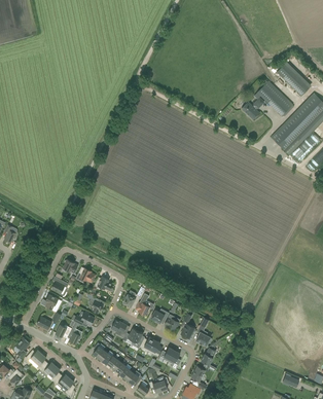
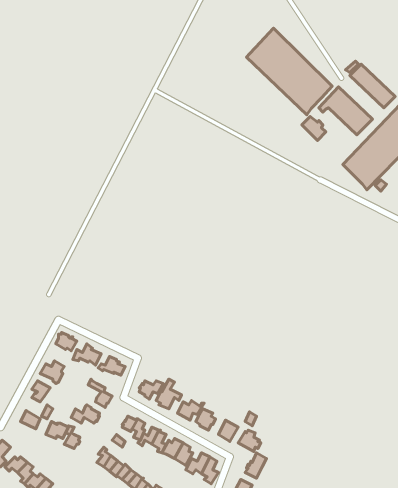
building: none -> [246,28,332,115]

